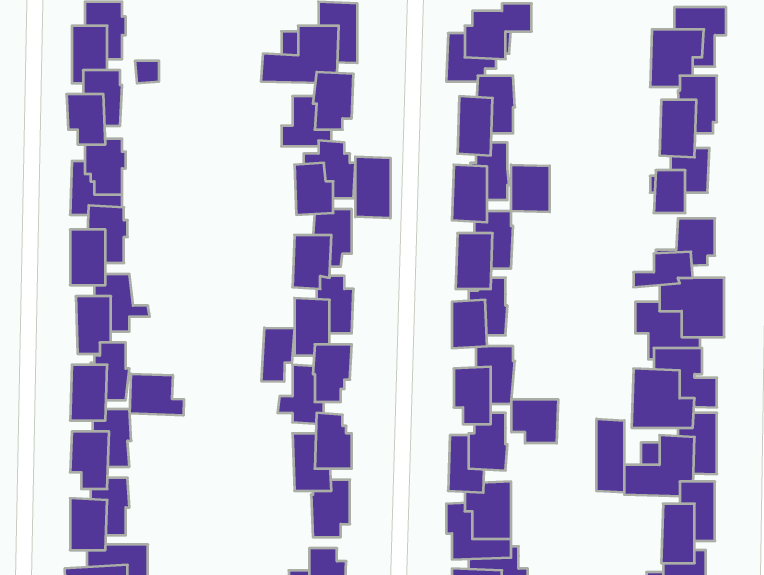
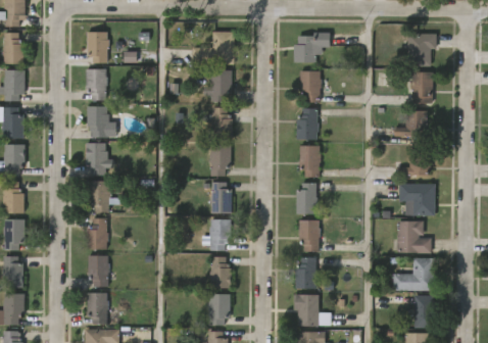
building: [355,157,390,218] -> none
building: [511,165,550,212] -> none
building: [262,328,294,382] -> none
building: [130,374,184,415] -> none
building: [512,399,558,443] -> none
building: [597,419,624,493] -> none

